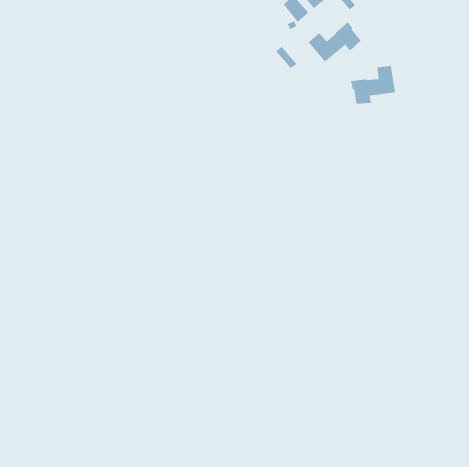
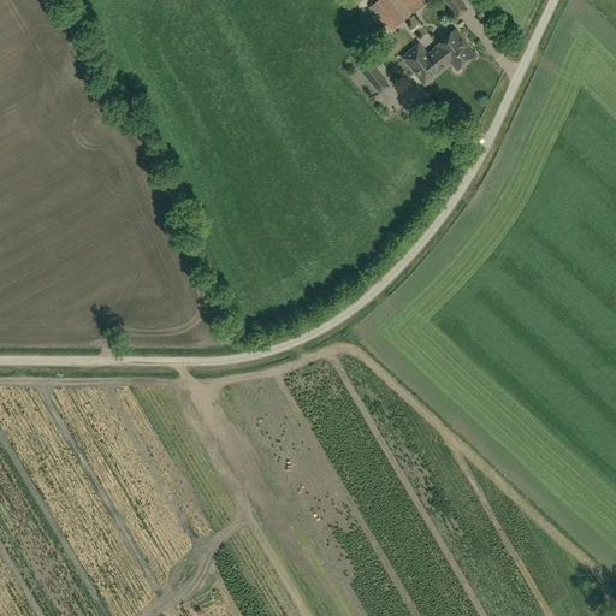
building: [350,65,396,105] -> none

